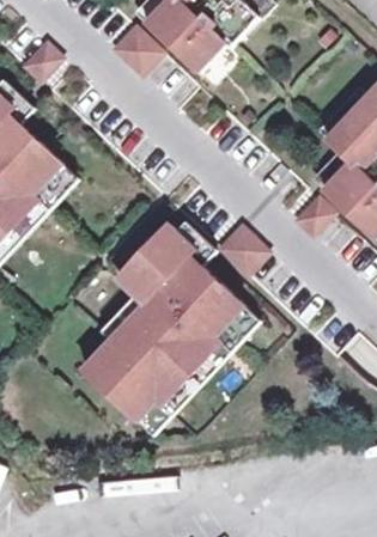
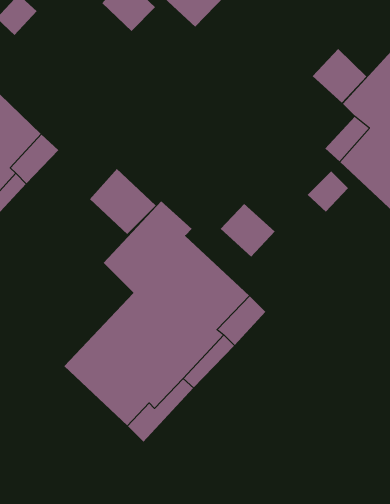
building: none -> [312,48,367,104]
building: none -> [89,168,157,235]

